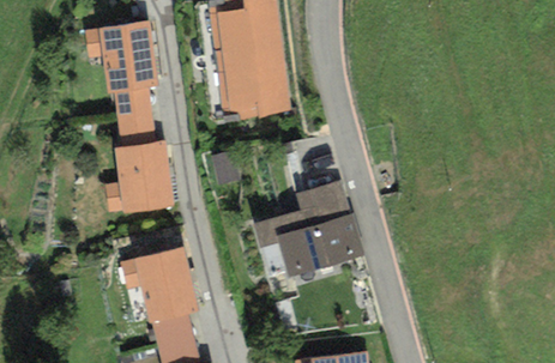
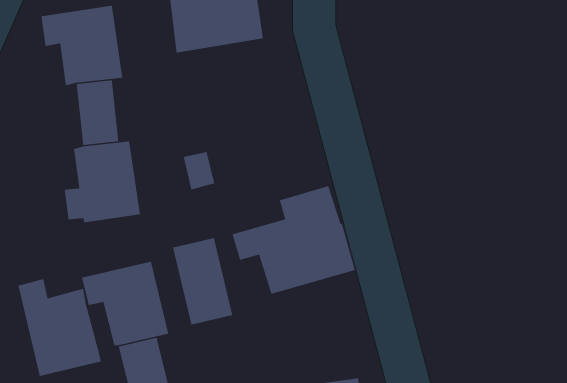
building: [205,50,290,123] -> none
building: none -> [172,237,233,326]
building: none -> [17,278,102,377]

